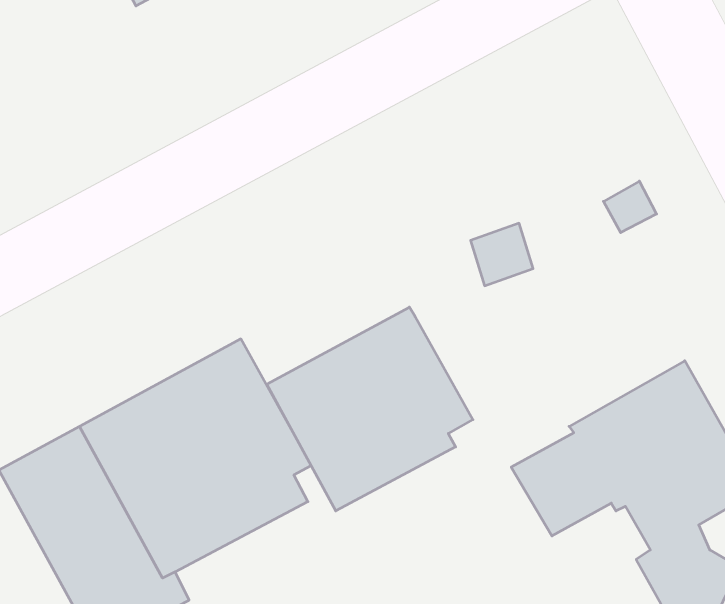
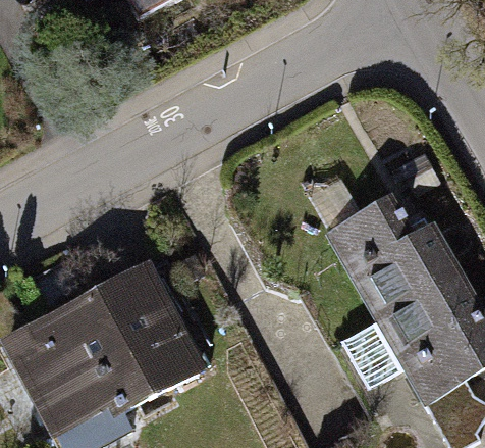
building: none -> [332,201,453,312]
building: [267,307,473,511] -> none

